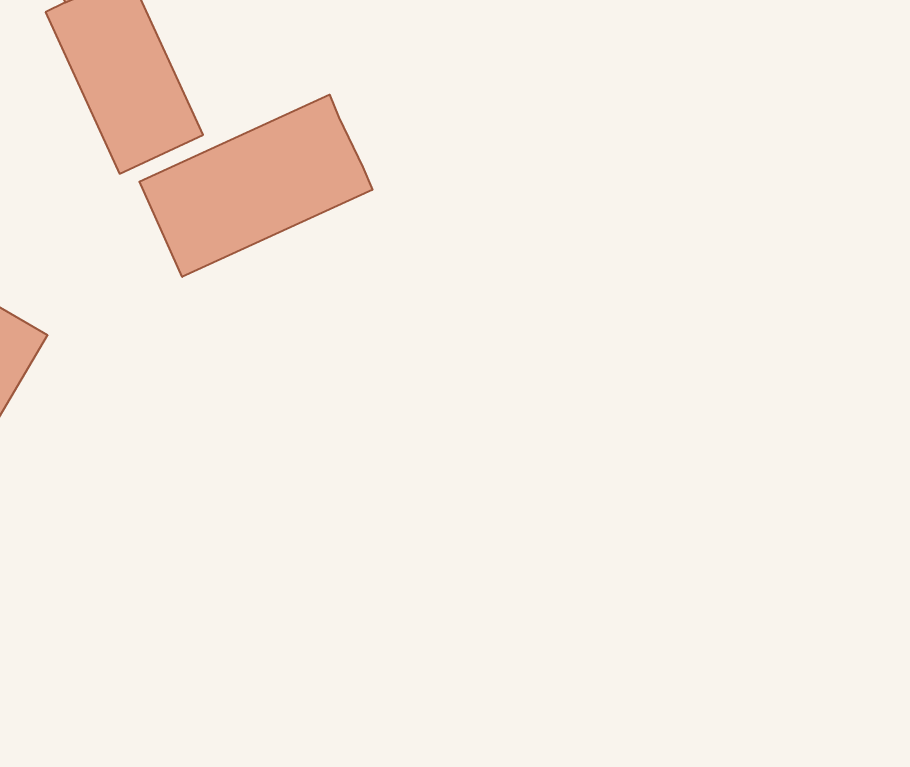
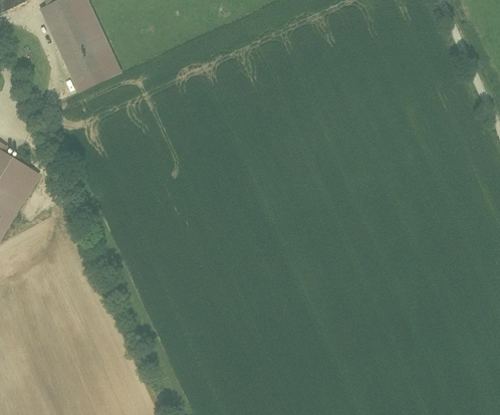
building: [139,95,372,277] -> none

